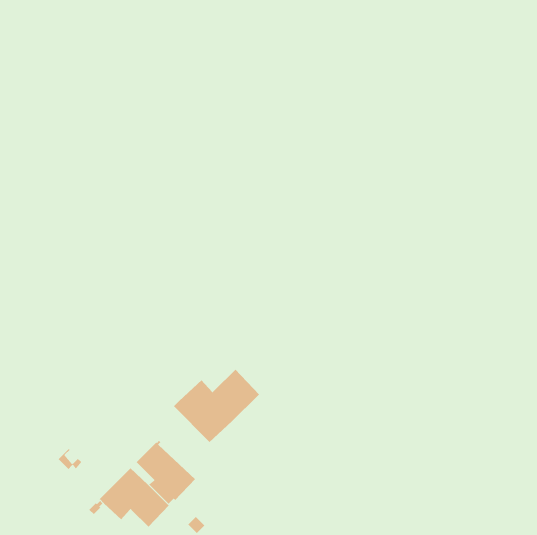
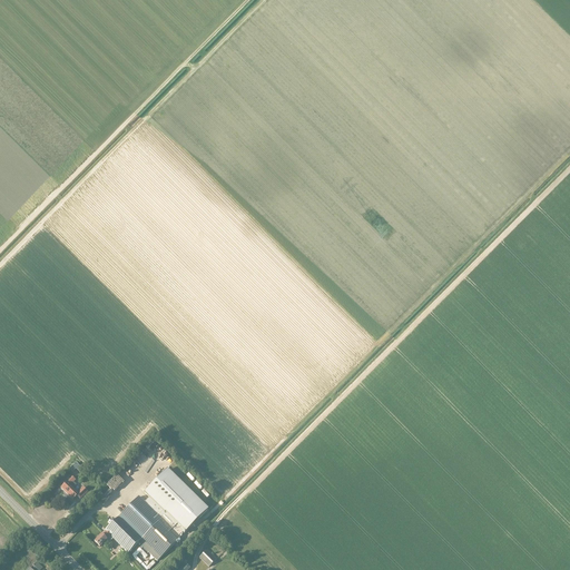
building: [173,369,260,443] -> none

